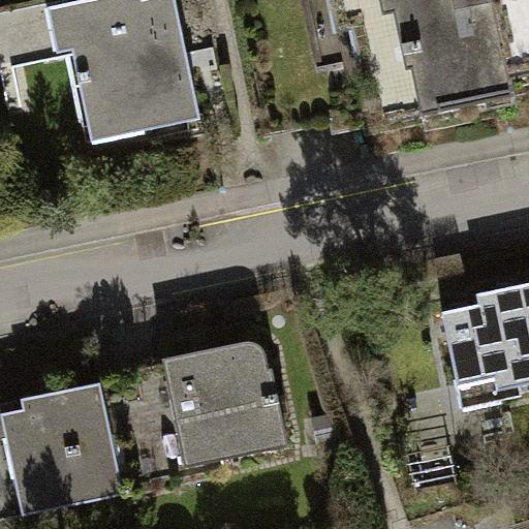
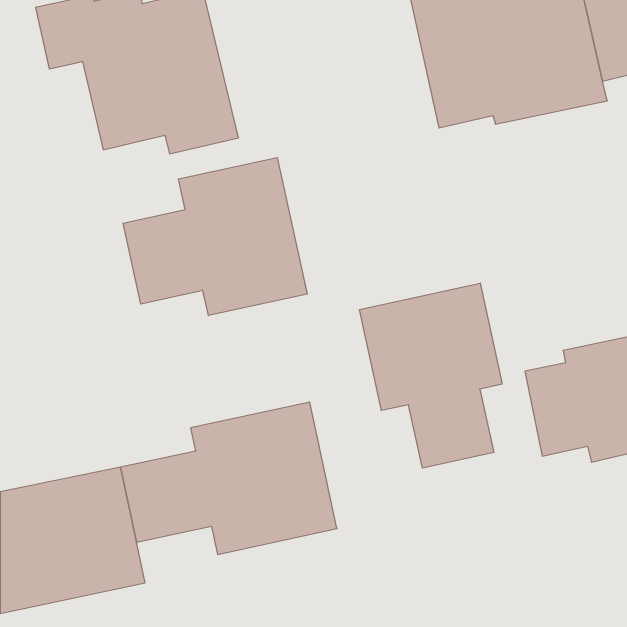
building: none -> [123,158,307,316]
building: none -> [360,283,502,468]

